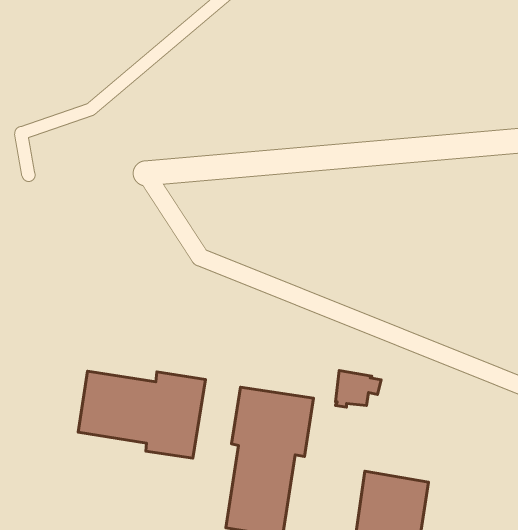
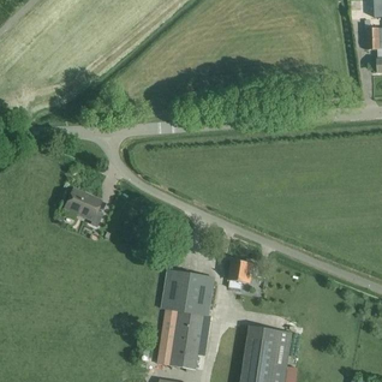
building: none -> [65,187,101,220]
building: [78,371,206,458] -> none

